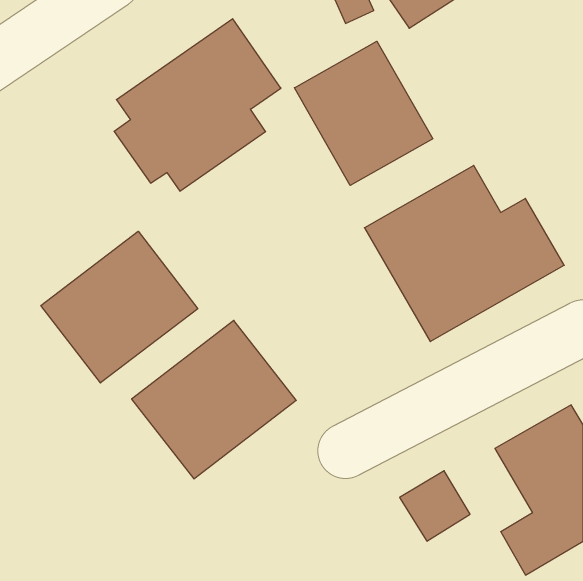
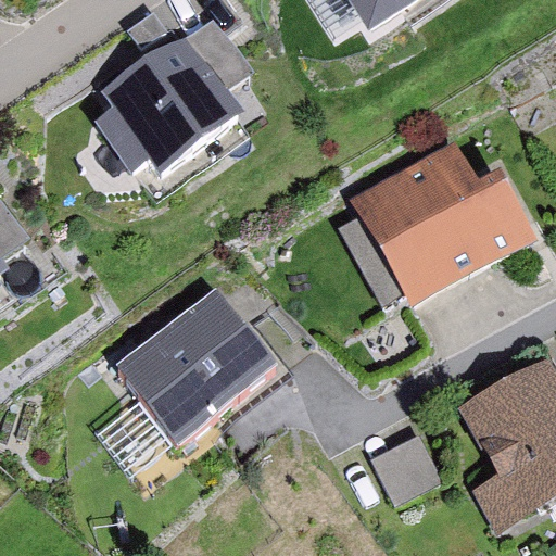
building: [294,41,433,185] -> none
building: [41,231,198,383] -> none

